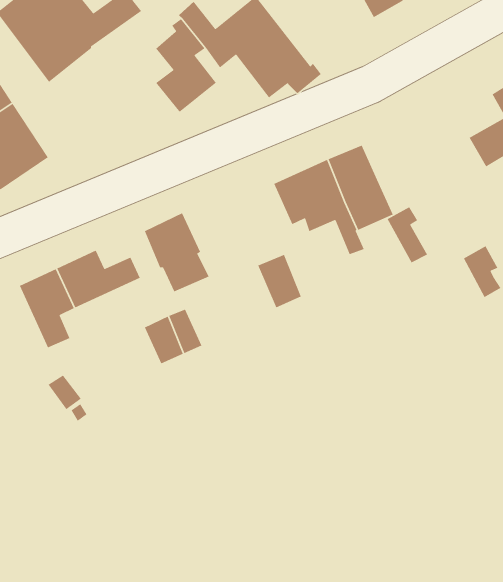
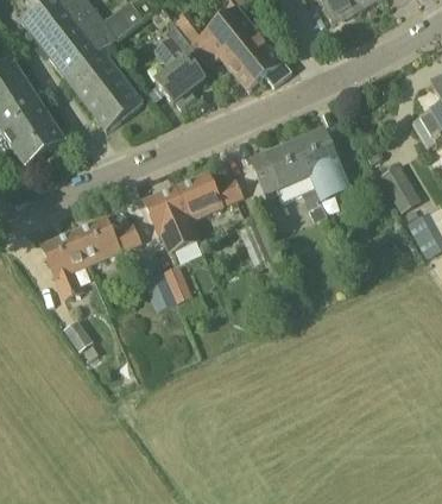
building: none -> [65,49,141,128]
building: none -> [176,170,242,218]
building: [387,206,428,264] -> [379,163,413,210]

